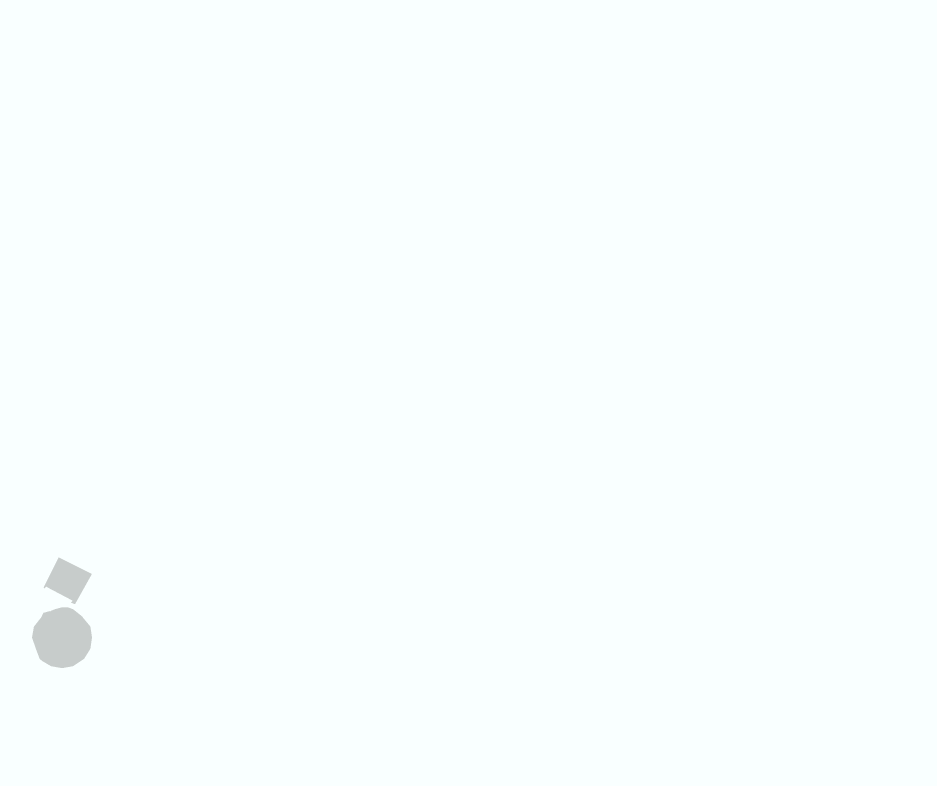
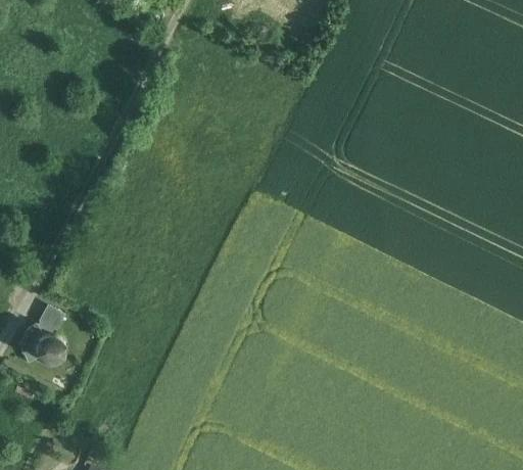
building: none -> [20,321,53,363]

